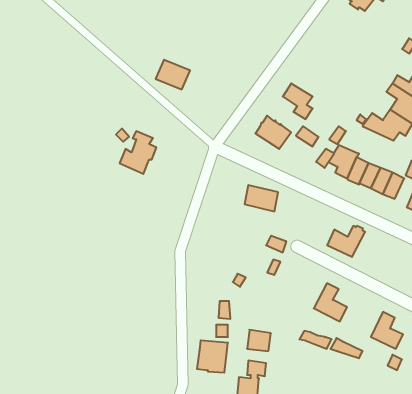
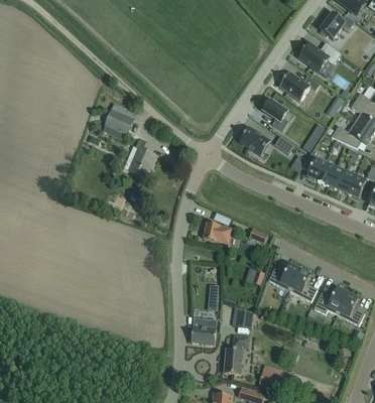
building: none -> [298,41,342,72]
building: none -> [279,72,319,100]
building: [156,60,190,89] -> [105,109,134,134]
building: [245,185,278,211] -> [204,222,232,244]
building: [327,226,365,257] -> [268,264,300,290]
building: none -> [314,288,348,314]

